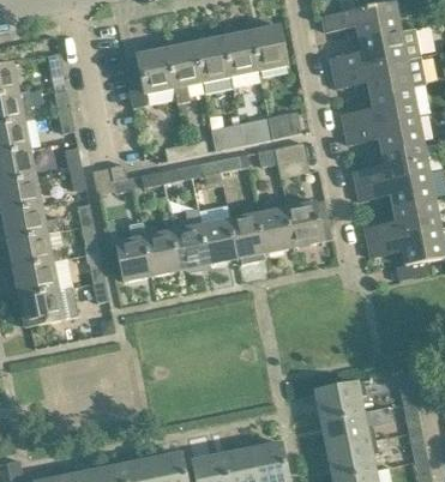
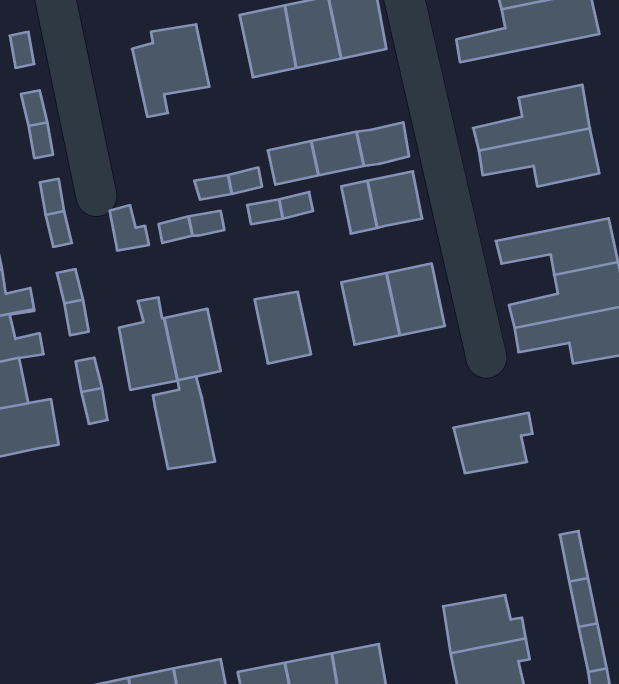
building: [166,42,202,102] -> none
building: [333,54,427,95] -> none
building: [354,143,428,186] -> none
building: [172,210,211,269] -> [153,377,215,469]
building: [230,212,266,258] -> none
building: [315,380,366,418] -> [453,413,533,473]

